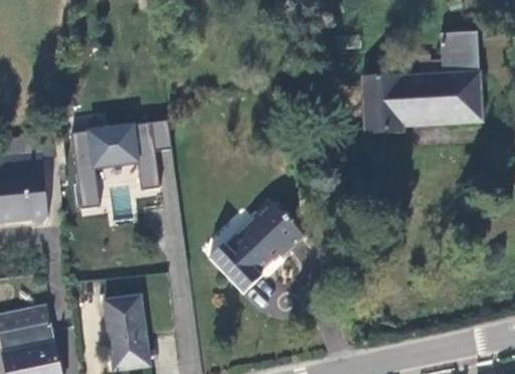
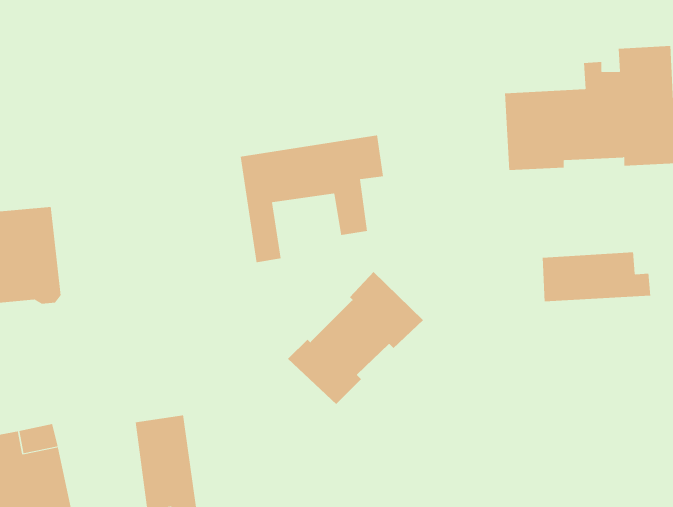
building: [70,131,171,220] -> [240,135,384,263]
building: none -> [542,252,651,302]

